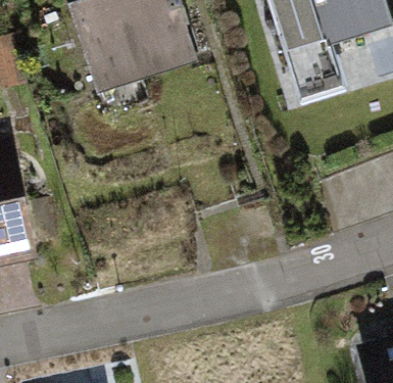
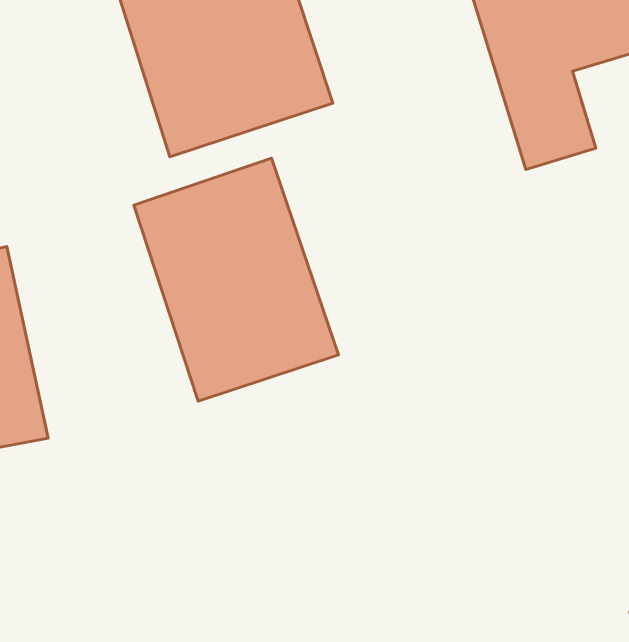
building: none -> [134,158,338,401]

